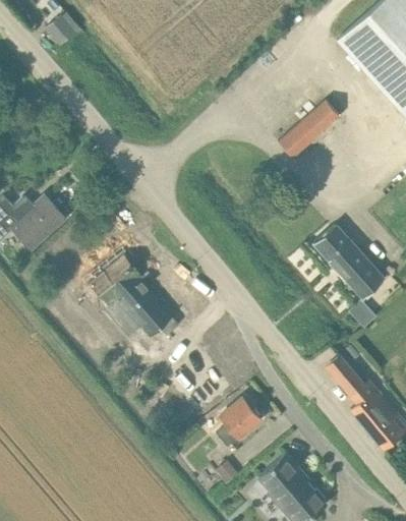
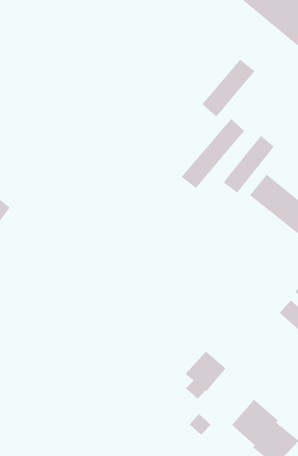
building: none -> [181,118,245,189]
building: none -> [223,135,275,194]
building: [90,251,179,343] -> none

